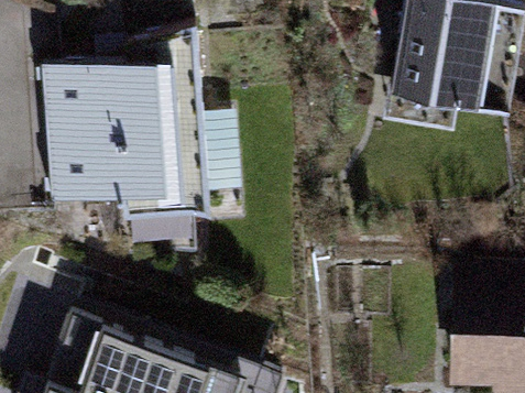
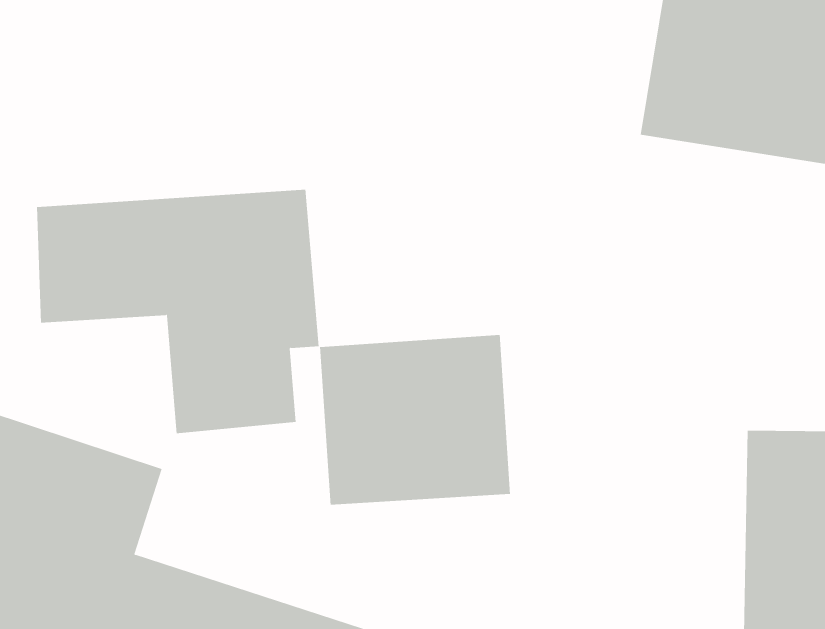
building: [41,30,200,137] -> none
building: none -> [320,334,511,506]

